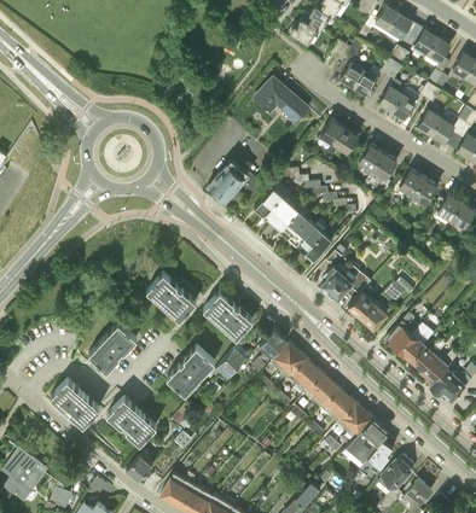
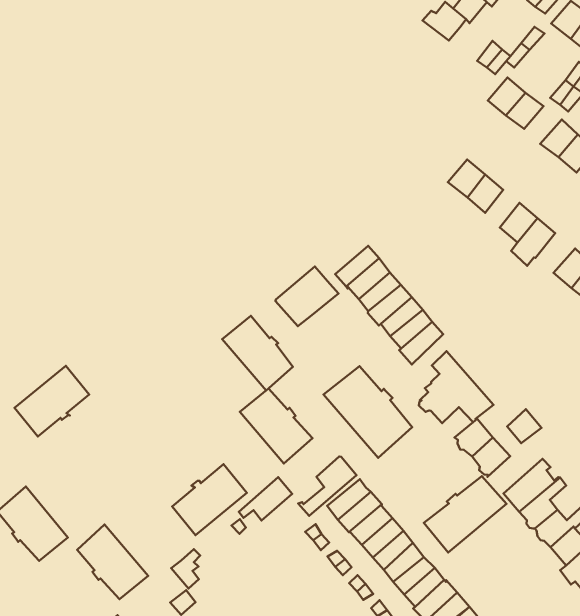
building: [254,77,308,123] -> none
building: [208,161,249,202] -> [276,267,339,326]
building: none -> [324,366,412,458]
building: [146,273,196,321] -> [222,316,293,391]
building: [88,322,137,372] -> [14,366,89,437]
building: none -> [424,476,506,553]

